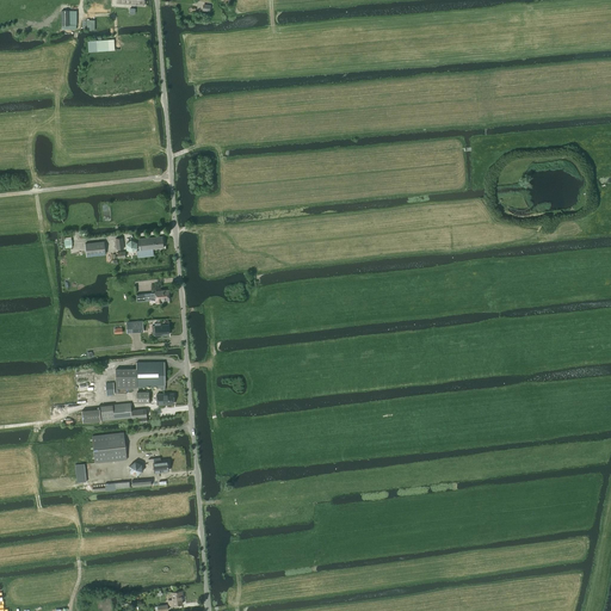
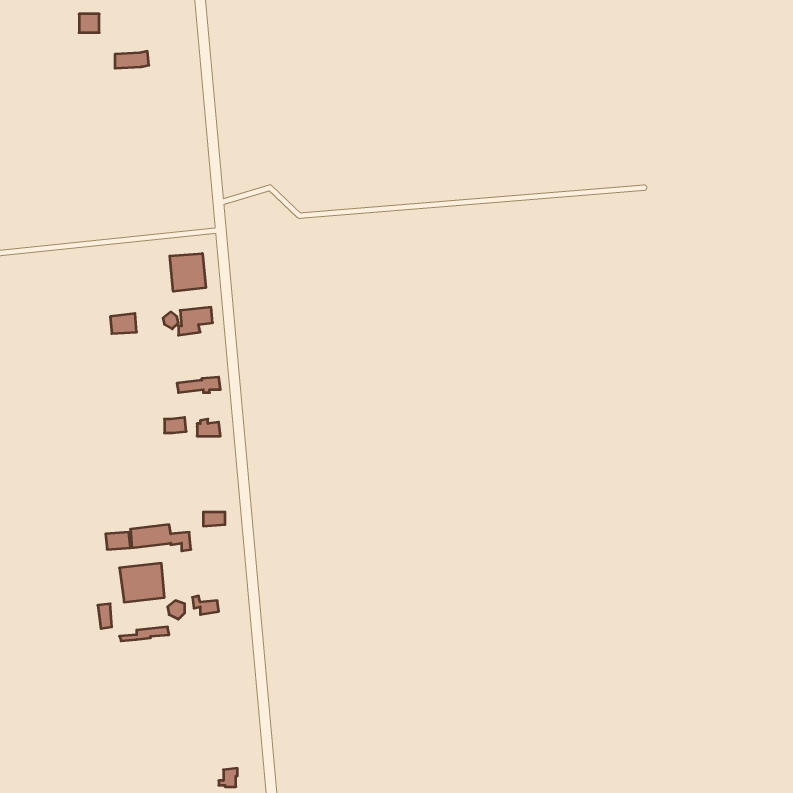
building: none -> [170,253,206,291]
building: [116,363,165,390] -> none

